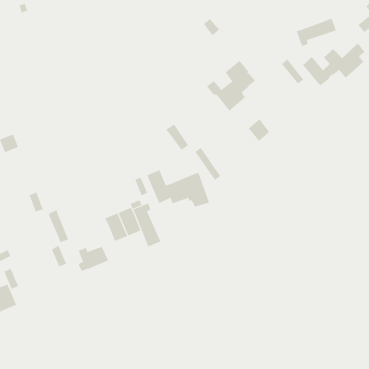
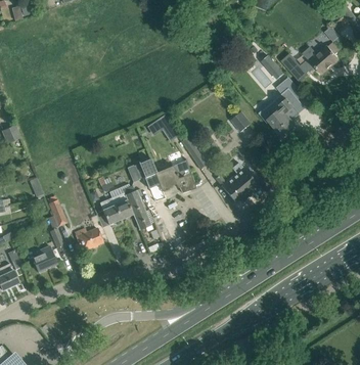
building: [296,18,337,47] -> none
building: [205,58,256,111] -> [258,87,305,136]
building: none -> [215,163,256,201]
building: none -> [33,244,57,273]

